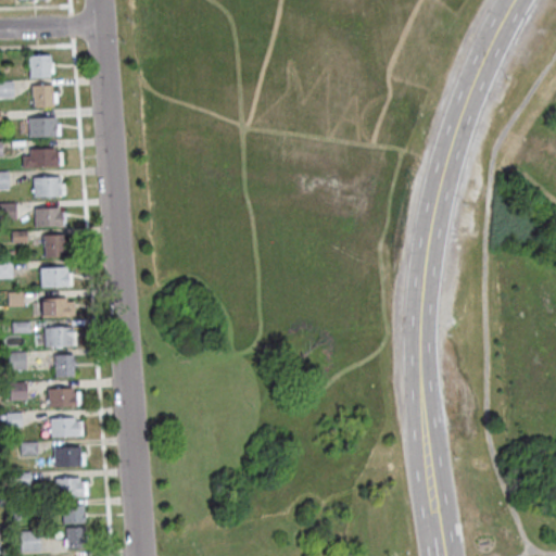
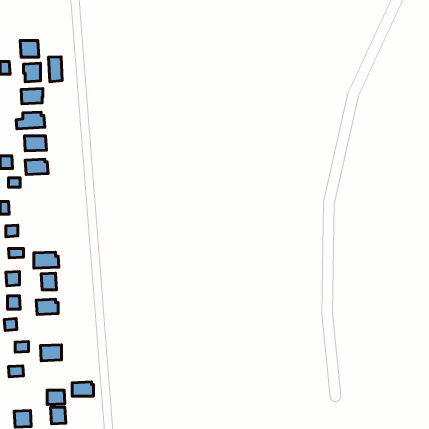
building: none -> [49,57,62,82]
building: [45,233,65,258] -> none
building: [41,267,70,288] -> none
building: [42,298,76,317] -> none
building: [51,417,79,438] -> none
building: [56,478,84,496] -> [72,382,93,396]

